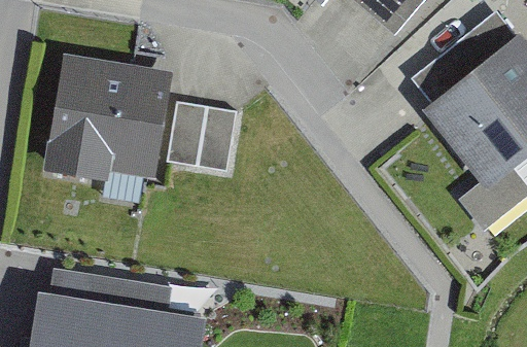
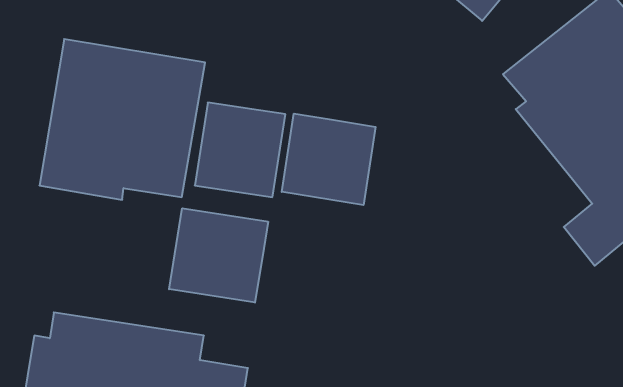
building: none -> [282,114,376,205]
building: none -> [169,208,268,303]

